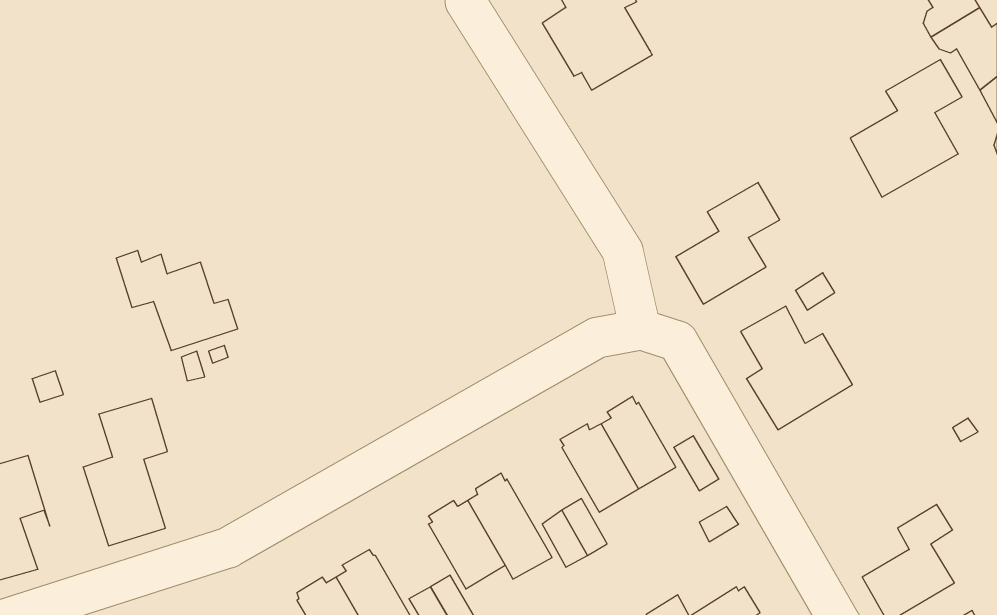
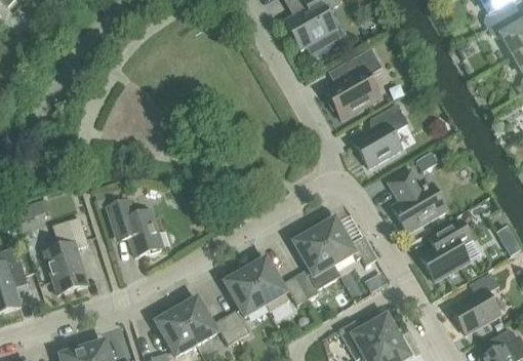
building: [850,60,962,197] -> [324,47,383,119]
building: [116,250,238,351] -> [107,203,170,255]
building: none -> [420,218,472,280]

